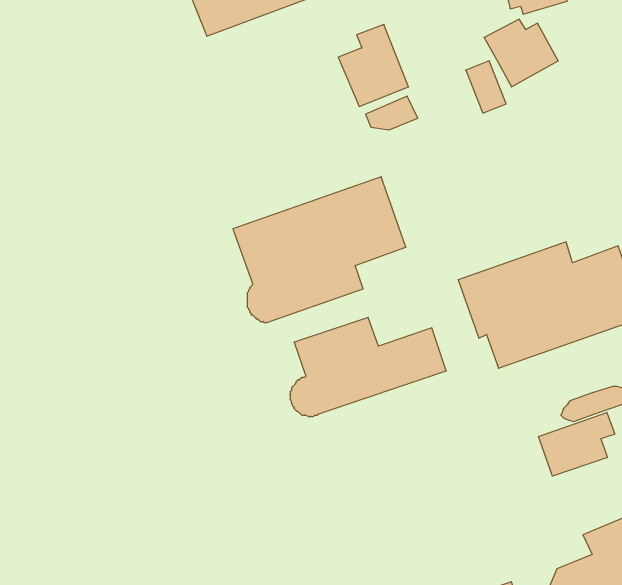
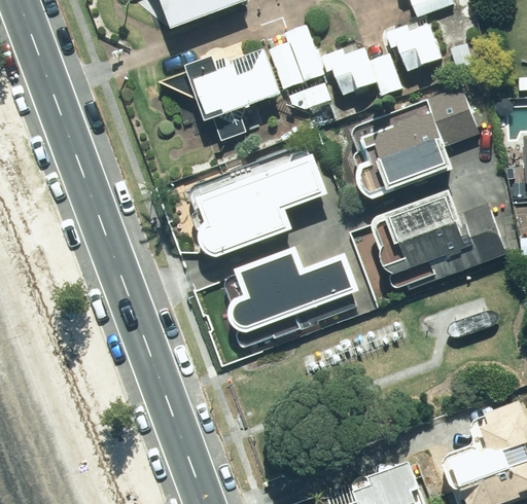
building: none -> [322,45,378,96]
building: none -> [160,53,279,139]
building: none -> [351,87,481,200]
building: [539,412,615,476] -> none

